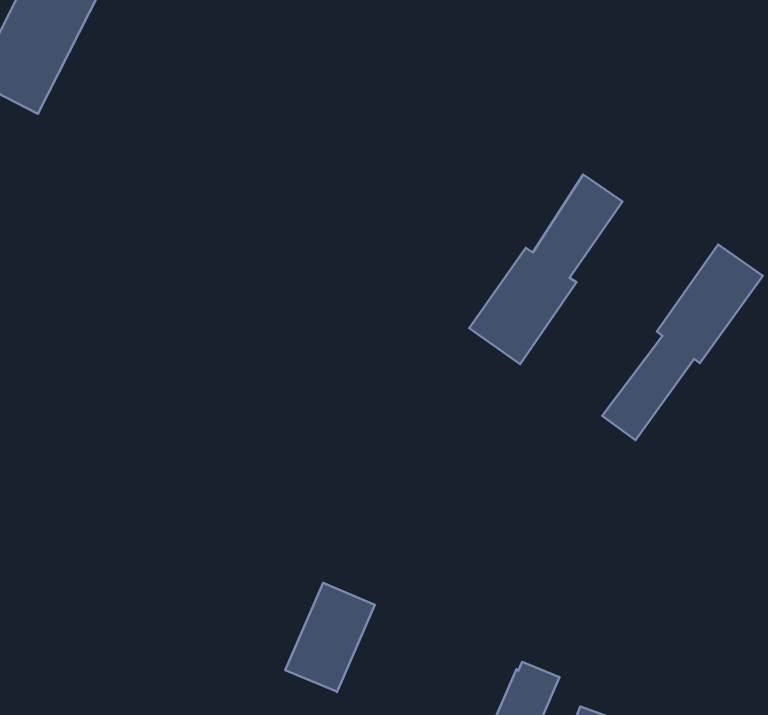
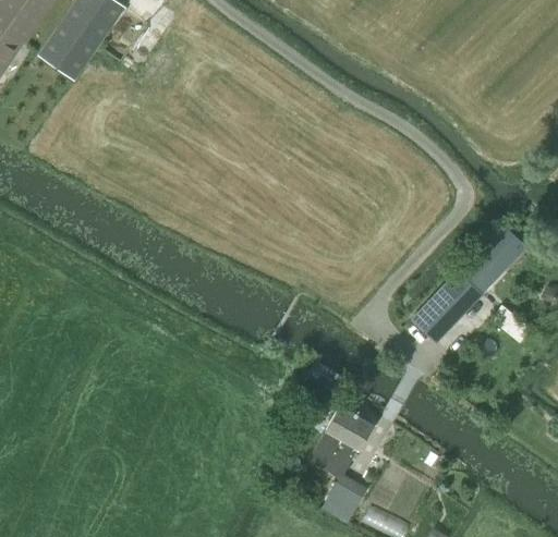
building: [469,175,622,364] -> none
building: [285,583,375,692] -> [308,407,372,479]

